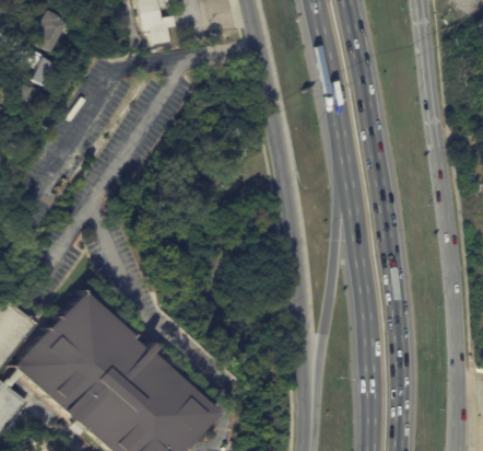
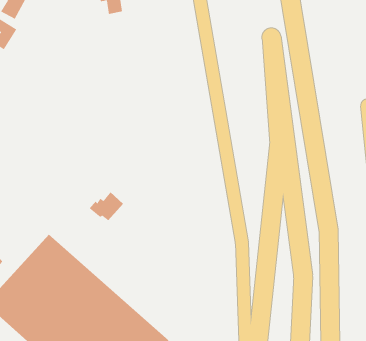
building: none -> [89,192,124,221]

